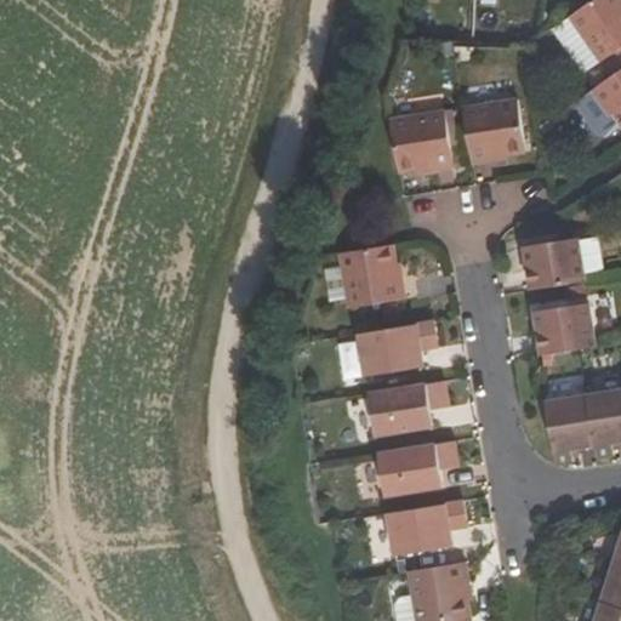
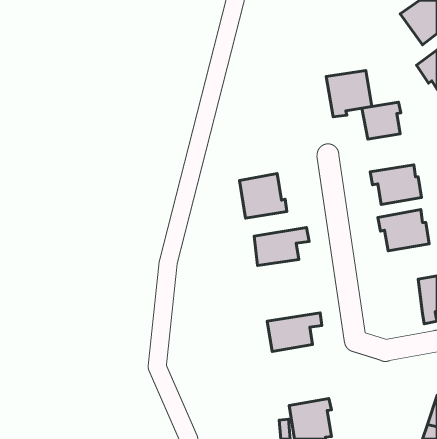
building: [389,112,454,172] -> none
building: none -> [362,102,401,139]
building: [368,382,445,435] -> none
building: [549,394,597,465] -> none
building: [387,501,465,556] -> none

